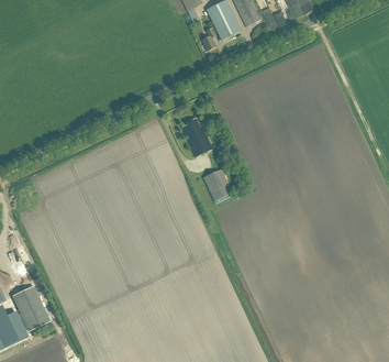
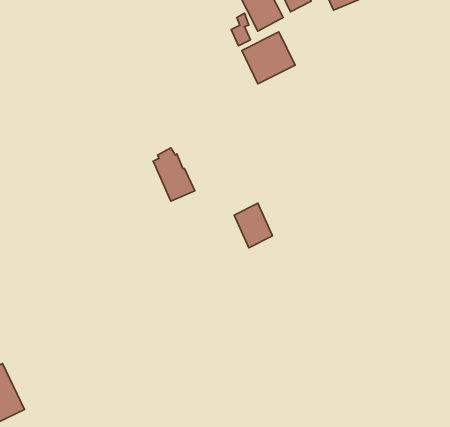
building: none -> [242,32,295,84]
building: [181,117,212,156] -> [153,148,195,201]

